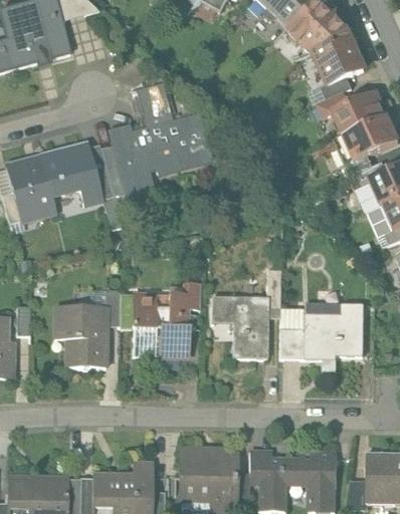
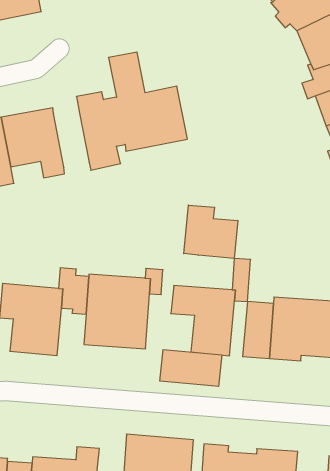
building: [88,145,125,197] -> none
building: none -> [184,205,238,258]
building: none -> [160,350,222,386]

